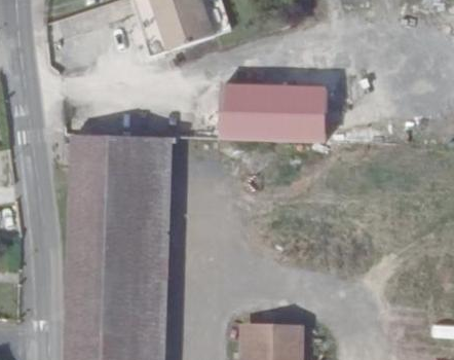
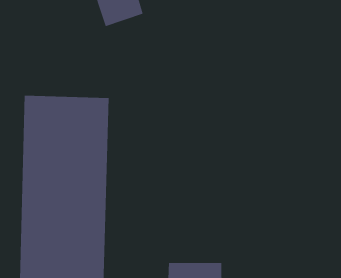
building: [221,85,320,144] -> none

